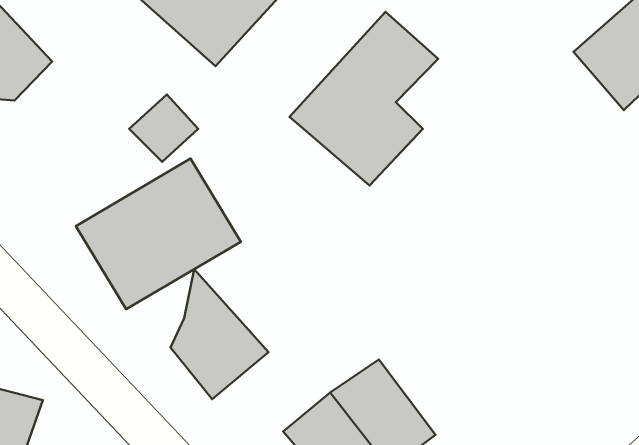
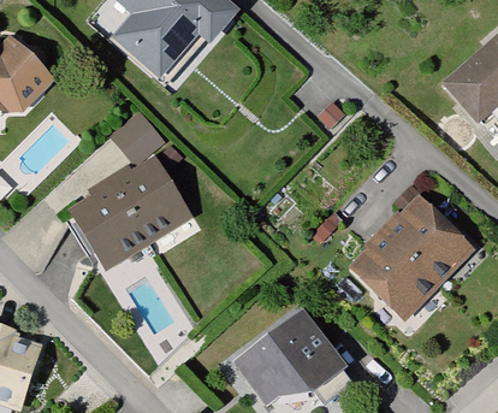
building: [289,12,438,186] -> none
building: none -> [349,189,475,318]
building: [171,269,269,399] -> none

